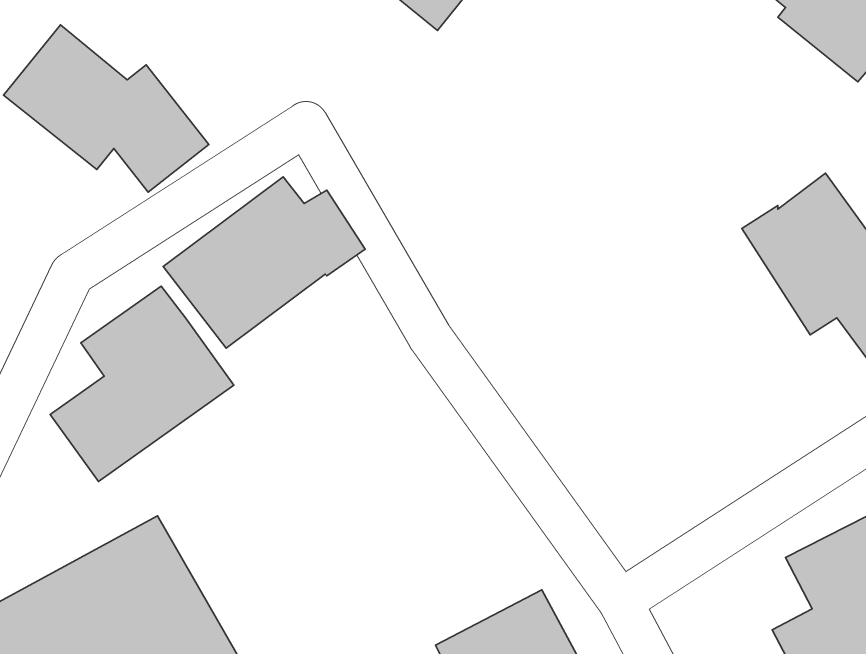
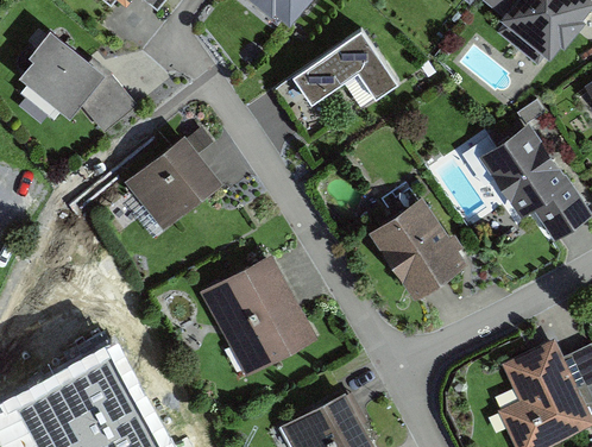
building: none -> [292,31,398,107]
building: [50,286,234,482] -> none
building: none -> [377,203,476,306]
building: none -> [200,252,319,378]

